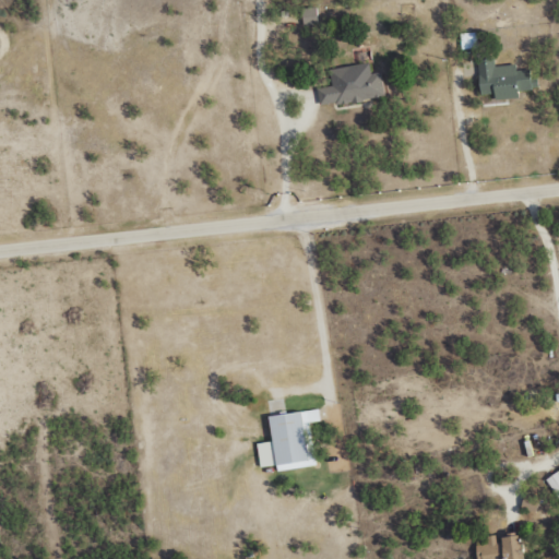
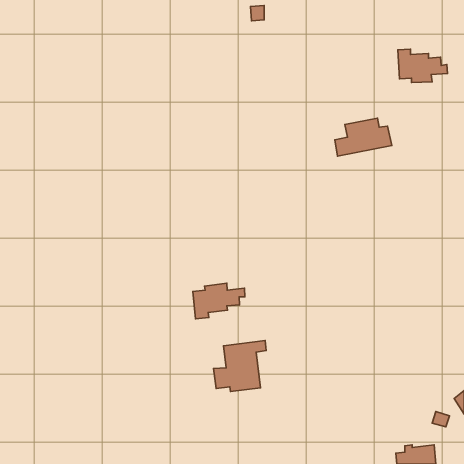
building: [317,62,385,108] -> [335,118,392,156]
building: none -> [193,283,245,319]

